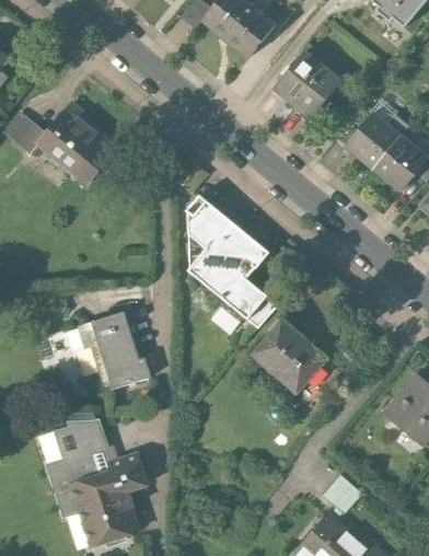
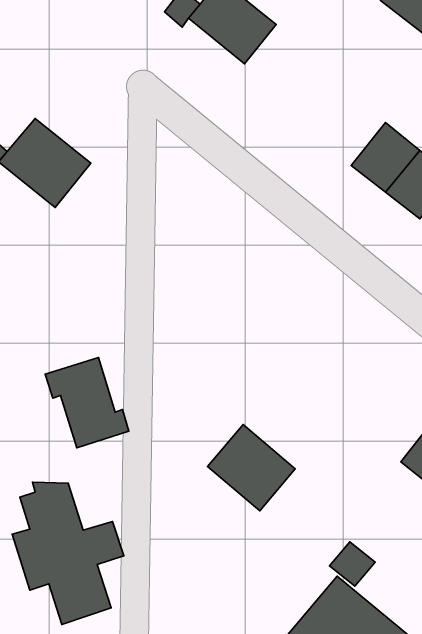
building: [274,50,344,120] -> none
building: [188,196,278,329] -> none
building: [253,320,328,394] -> [208,424,295,511]

